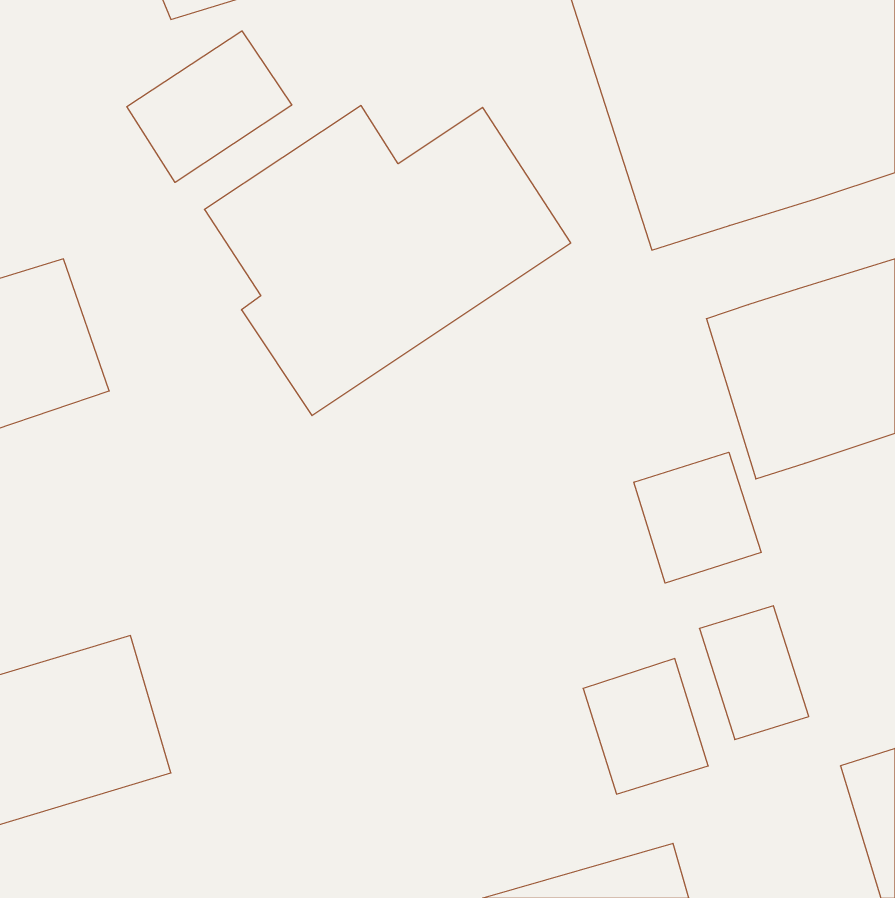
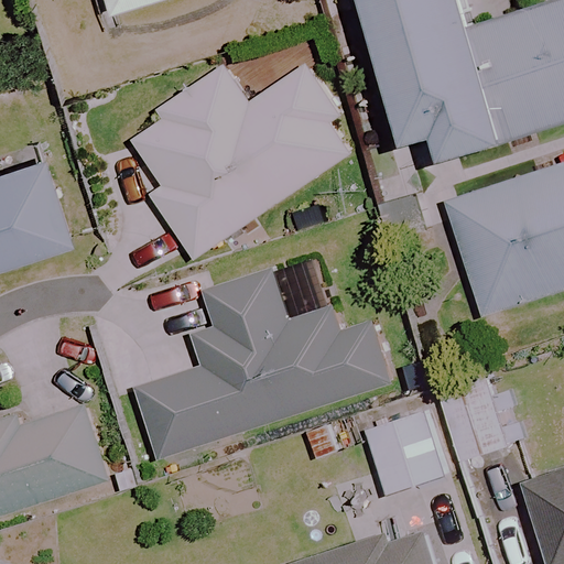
building: [127,31,292,182] -> none
building: none -> [135,270,389,459]
building: [634,452,761,583] -> none

